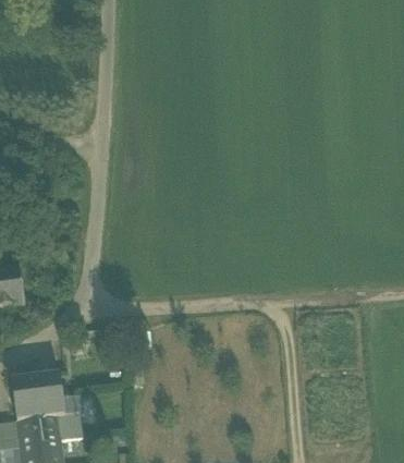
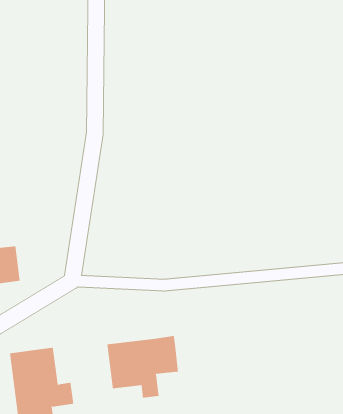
building: none -> [107,335,179,398]

